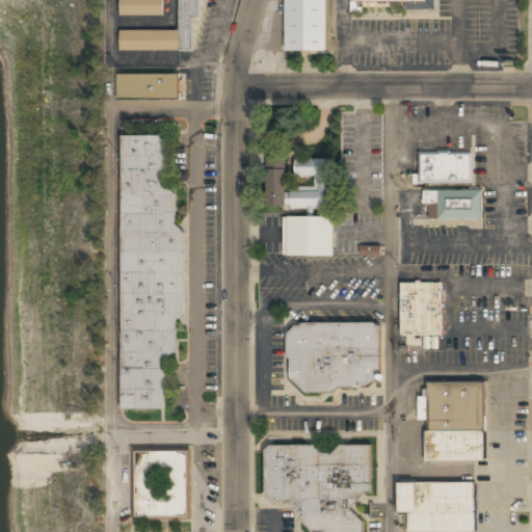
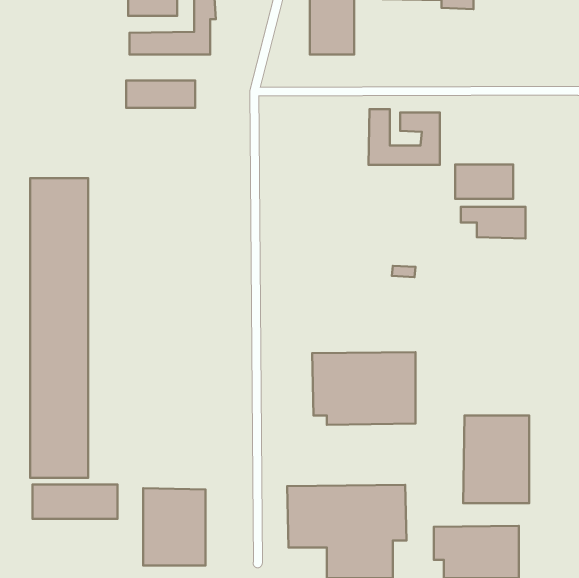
building: [121,134,174,408] -> [30,178,88,478]
building: [265,155,330,206] -> [368,109,440,165]
building: [283,215,331,255] -> none
building: [399,282,442,335] -> none
building: none -> [32,485,117,519]

